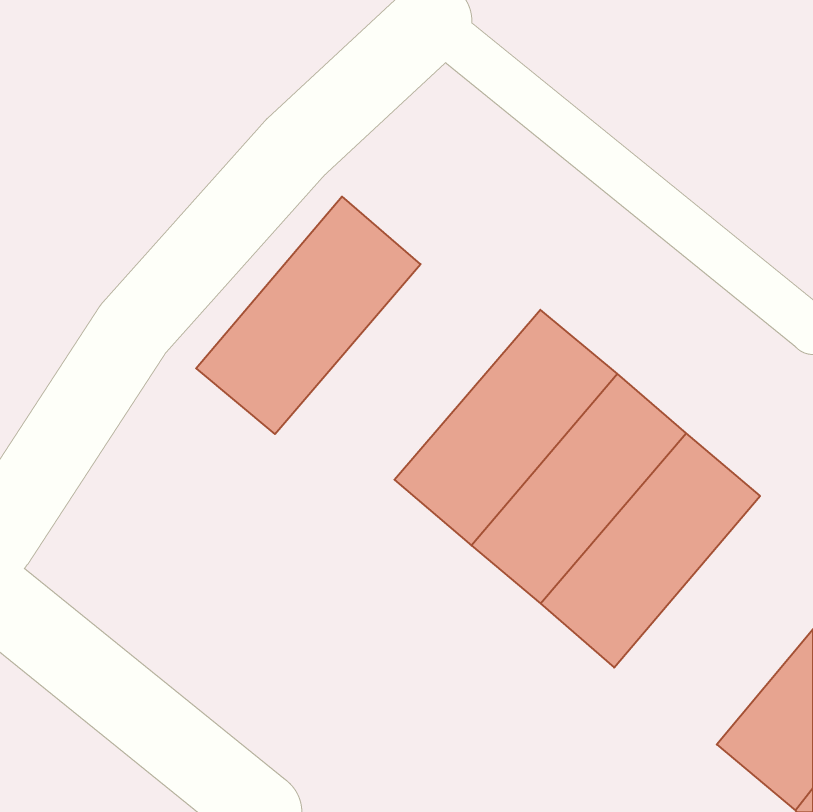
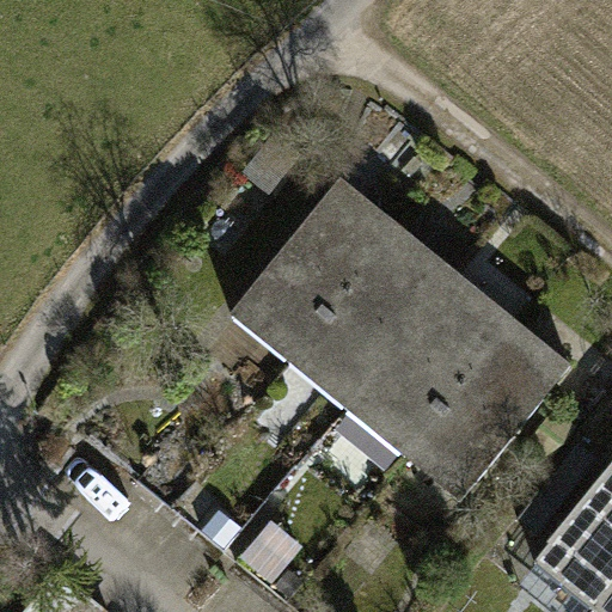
building: [196,197,421,434] -> [235,180,403,357]

